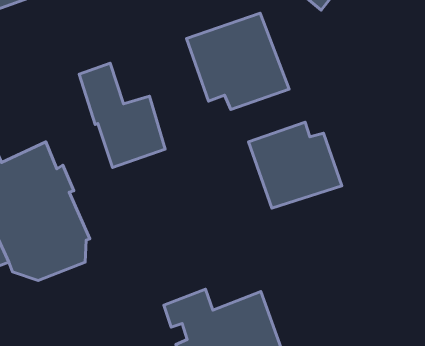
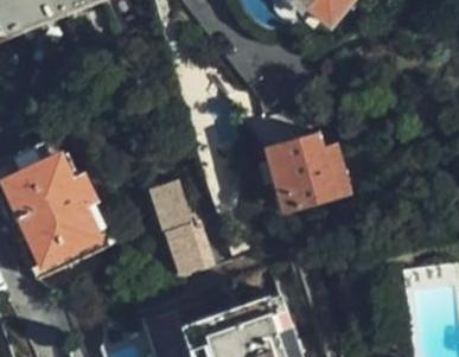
building: [187,13,289,110] -> none
building: [79,63,165,168] -> [148,173,231,274]

